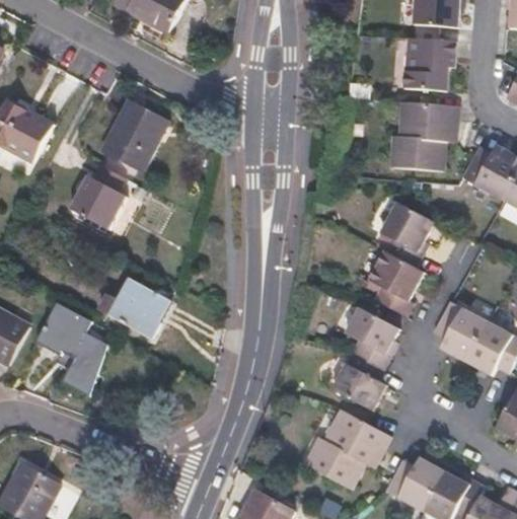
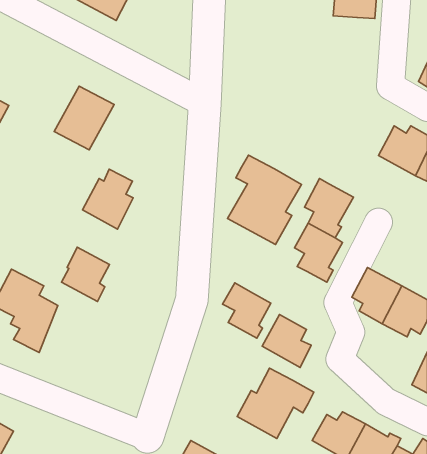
building: [400,39,449,90] -> none
building: [390,102,456,169] -> none
building: [71,164,127,230] -> [82,169,133,229]
building: none -> [228,155,301,244]
building: [345,307,397,368] -> [223,283,271,338]

